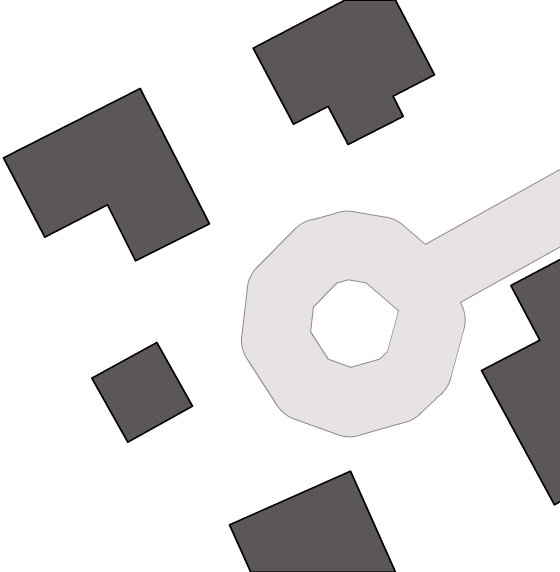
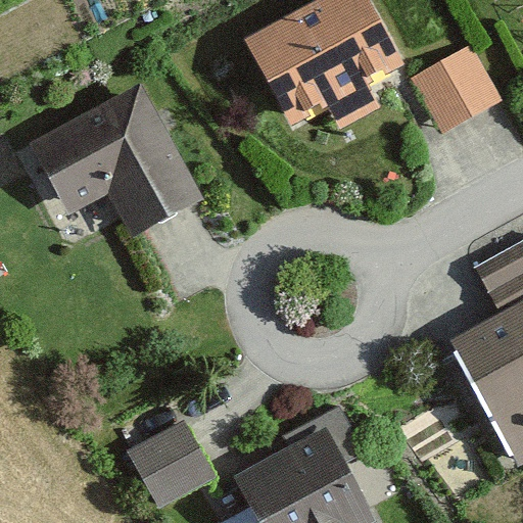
building: none -> [415,48,504,134]
building: [92,342,193,442] -> [122,422,213,513]

